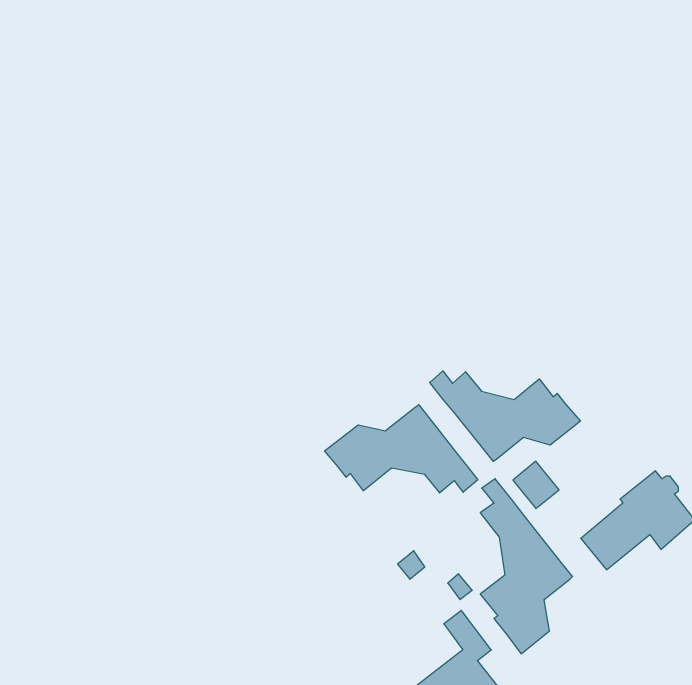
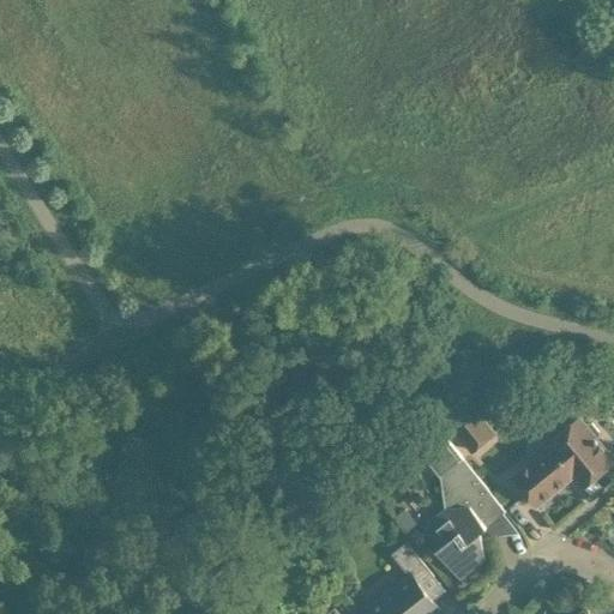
building: [430,371,580,461] -> none
building: [325,405,478,493] -> none

